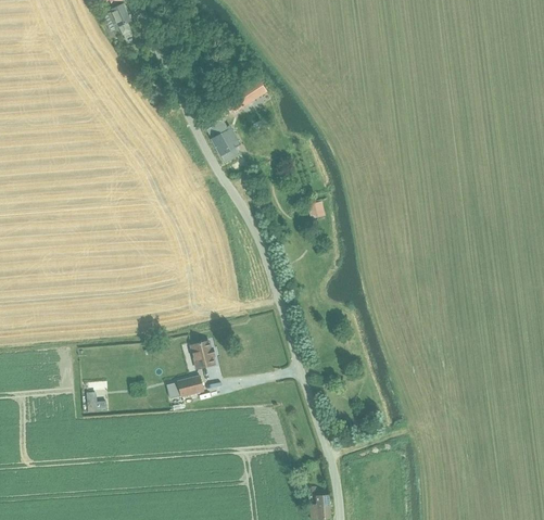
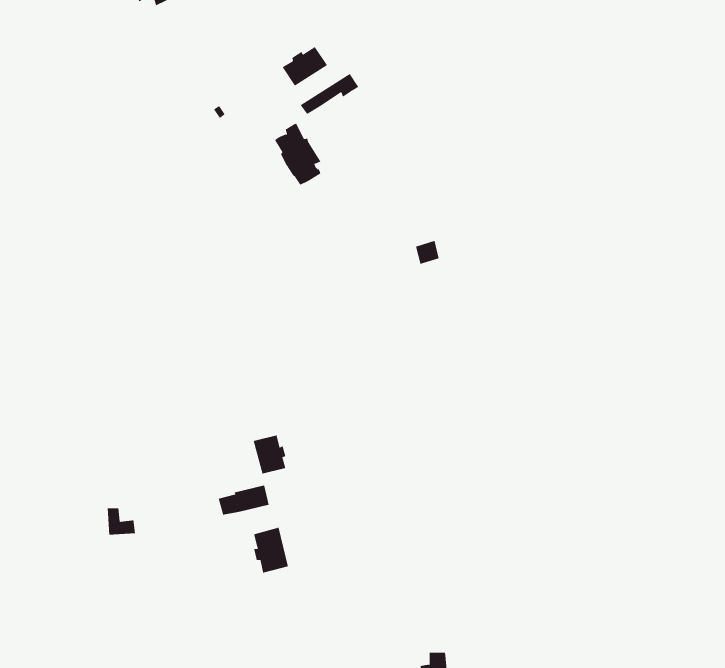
building: none -> [282,46,328,86]
building: none -> [253,527,288,574]

